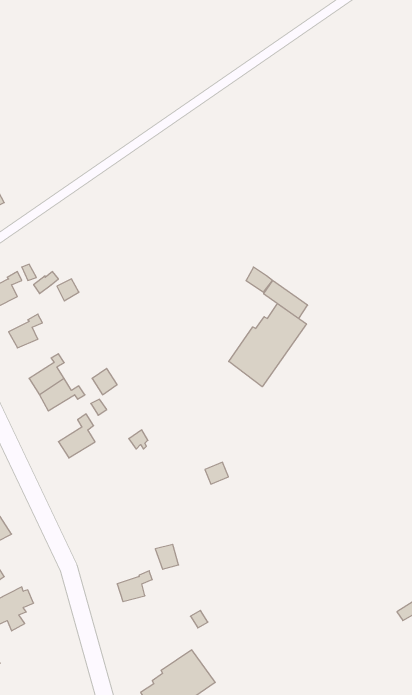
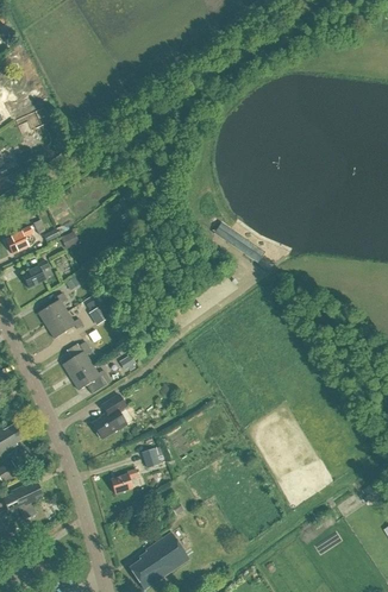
building: [229,304,306,387] -> none
building: none -> [70,364,111,393]
building: none -> [92,393,126,439]

